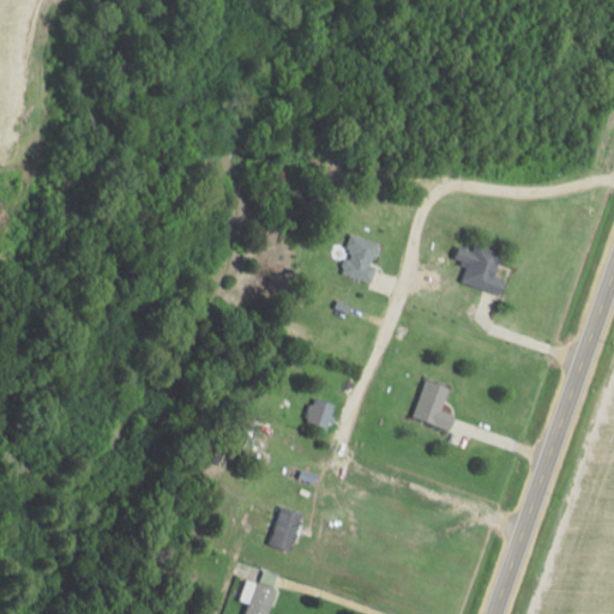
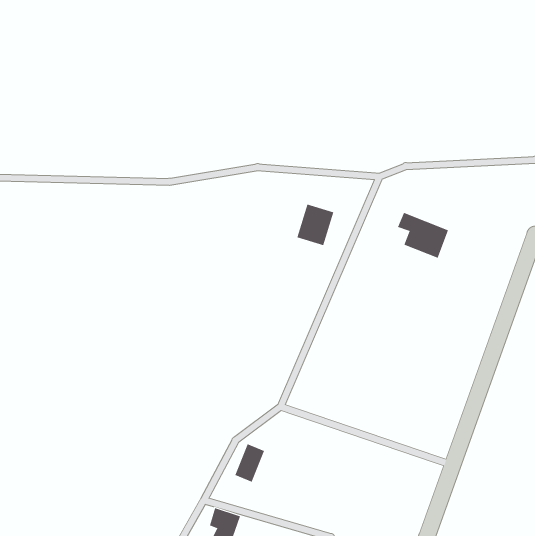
building: [413,380,453,431] -> none
building: [303,397,336,429] -> none

